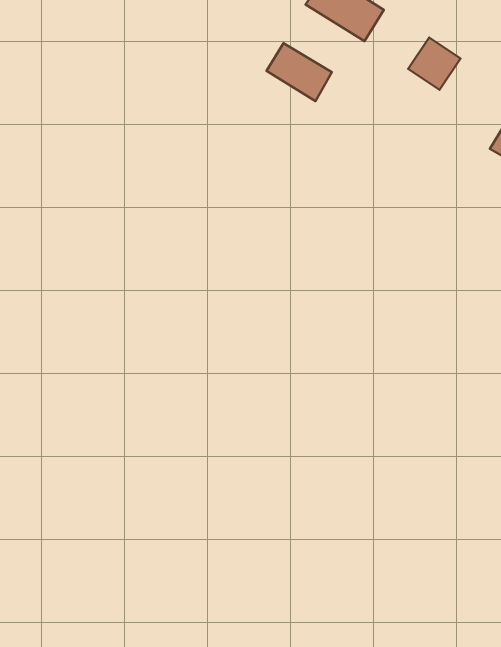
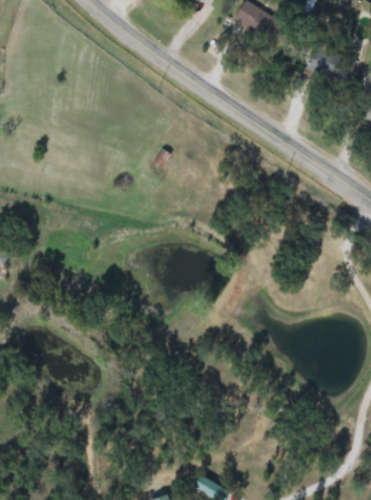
building: [266,43,332,101] -> none

